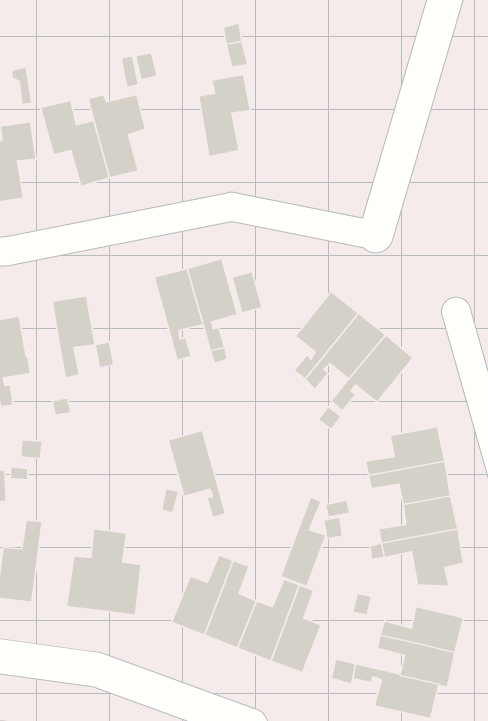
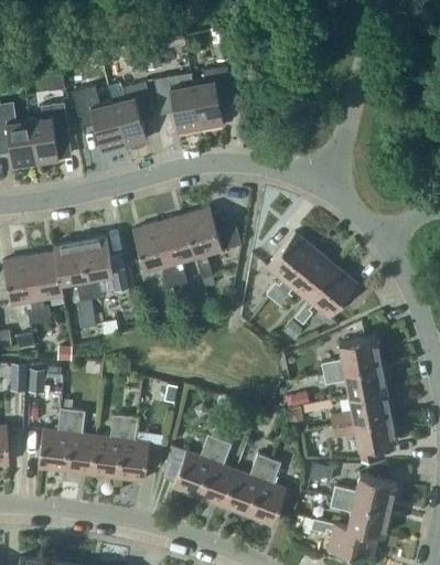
building: none -> [154,74,201,131]
building: none -> [54,239,90,300]
building: [168,430,226,518] -> [132,221,176,288]
building: [280,497,326,586] -> none
building: none -> [65,408,97,473]

